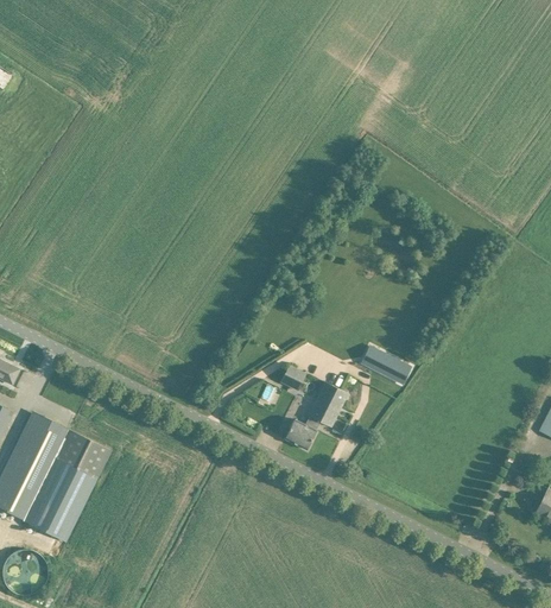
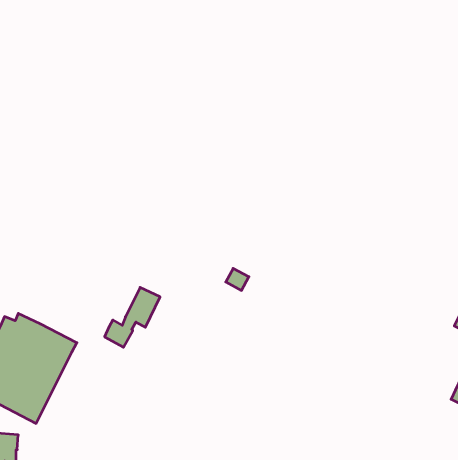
building: [368,349,407,382] -> none
building: [283,381,346,449] -> [105,287,160,347]

